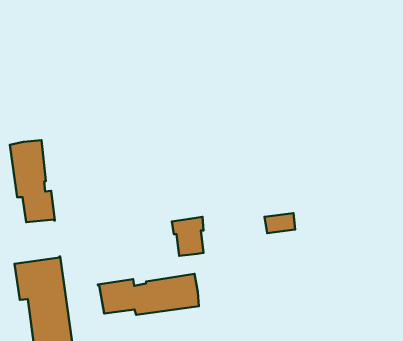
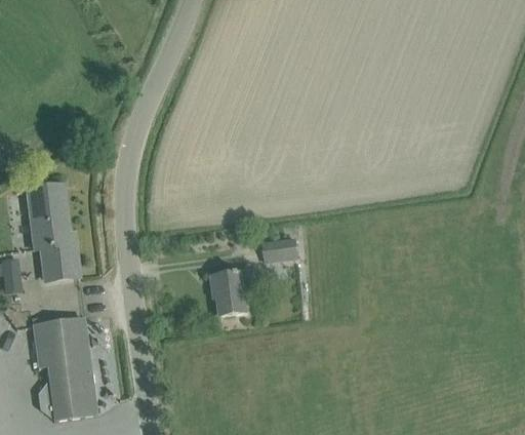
building: [265,213,295,233] -> [262,239,297,262]
building: [98,274,199,315] -> none

